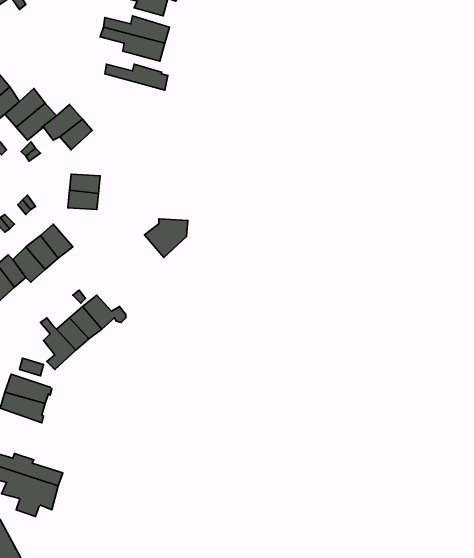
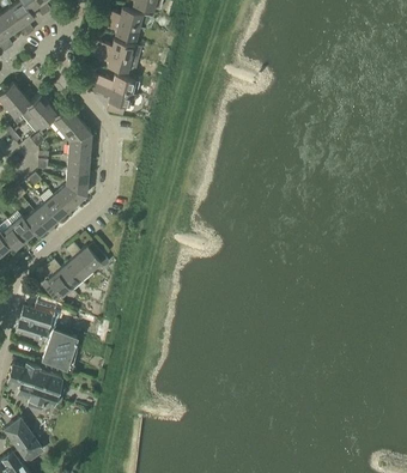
building: none -> [91,83,138,116]
building: none -> [68,125,92,158]
building: [144,219,188,258] -> [55,182,87,211]
building: none -> [43,329,77,366]

